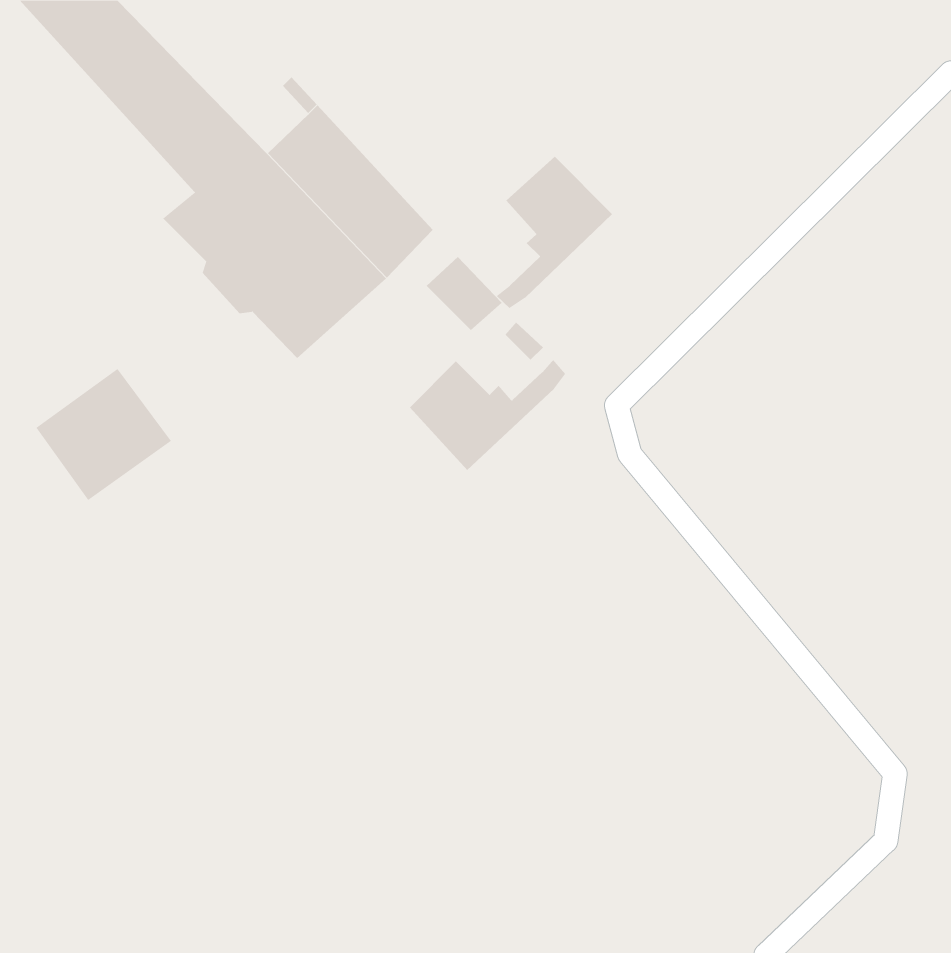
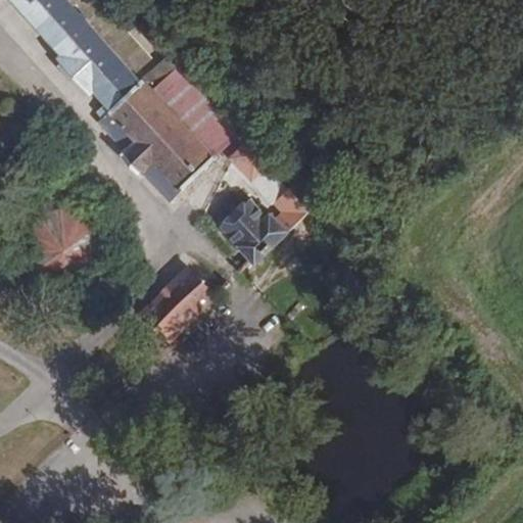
building: [496,156,613,309] -> none
building: none -> [139,270,213,341]

